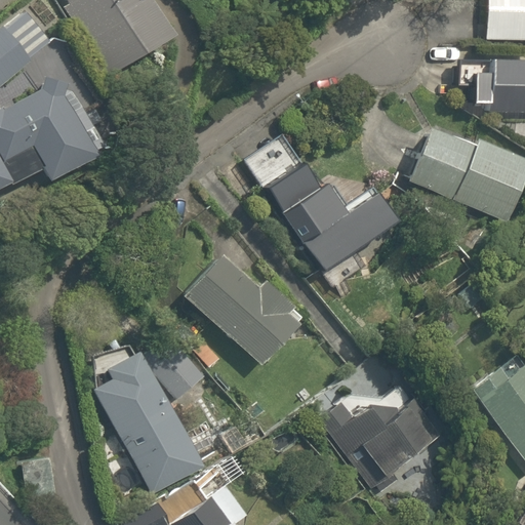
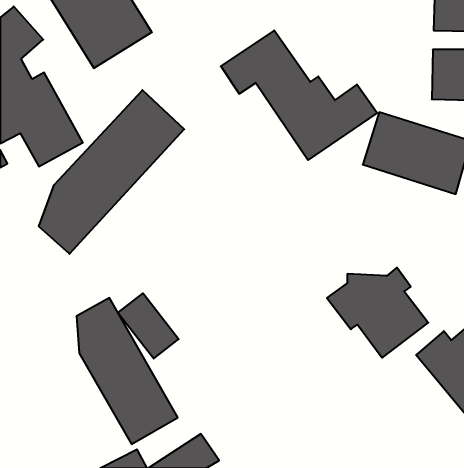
building: none -> [39,90,184,254]
building: [223,129,397,274] -> [221,30,377,160]
building: [185,259,301,372] -> none
building: [323,381,436,482] -> [327,268,428,358]

